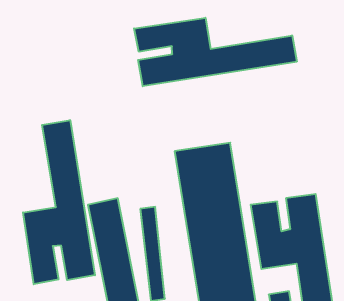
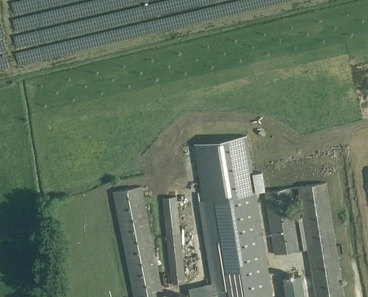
building: [134,18,297,86] -> none
building: [23,120,95,284] -> none

